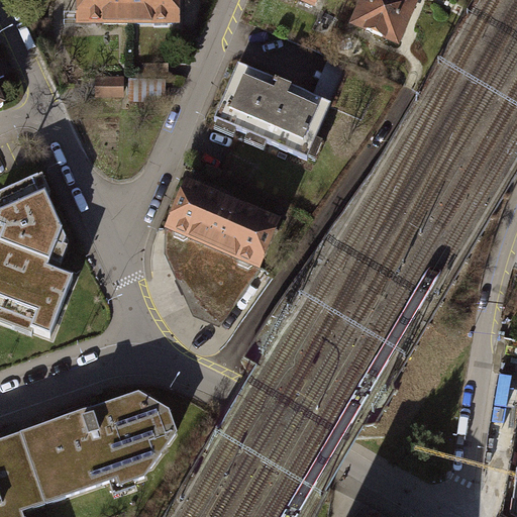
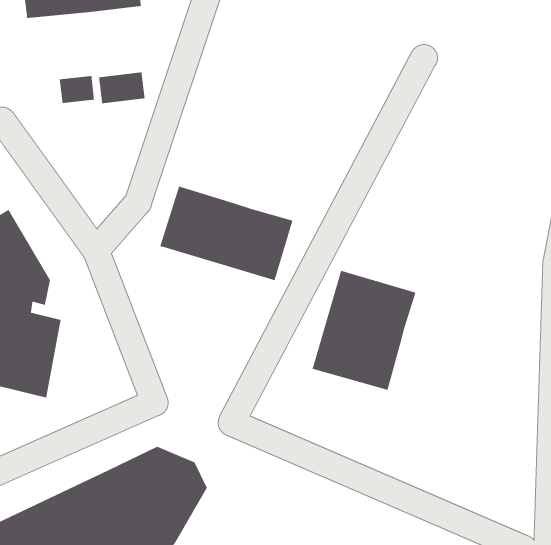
building: [210,62,326,156] -> none
building: [164,224,261,322] -> none
building: none -> [311,270,416,391]

